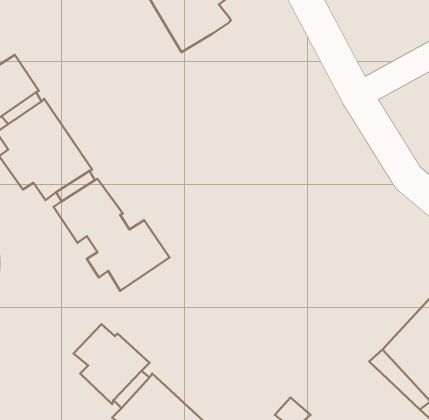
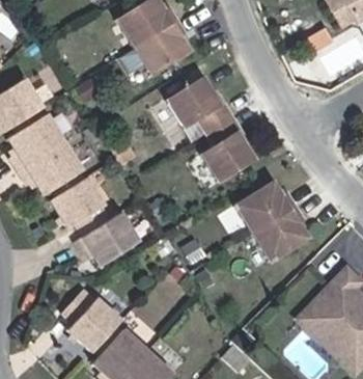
building: none -> [170,82,256,187]
building: none -> [234,187,308,269]

